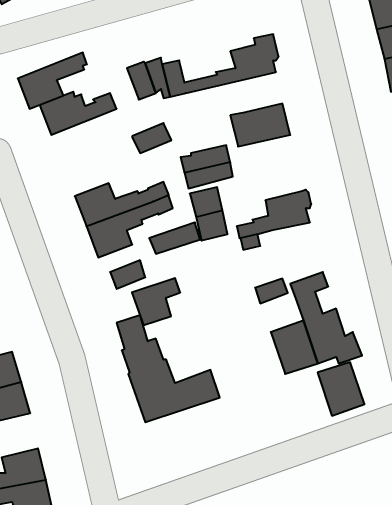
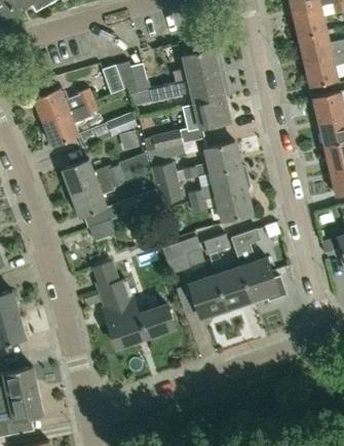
building: [18,53,87,109] -> [42,100,97,145]
building: none -> [148,72,228,104]
building: none -> [183,140,239,177]
building: none -> [216,190,251,219]
building: [132,278,180,325] -> [161,237,199,274]
building: [318,362,365,416] -> [189,276,226,318]

